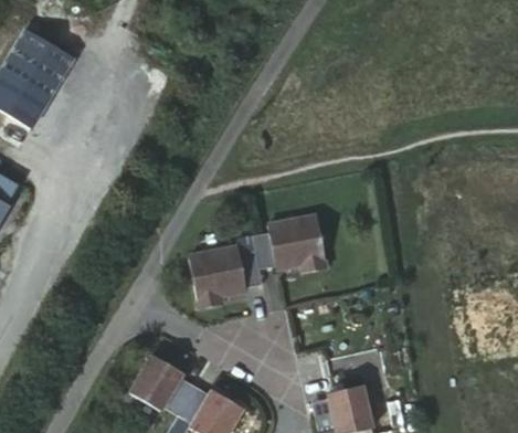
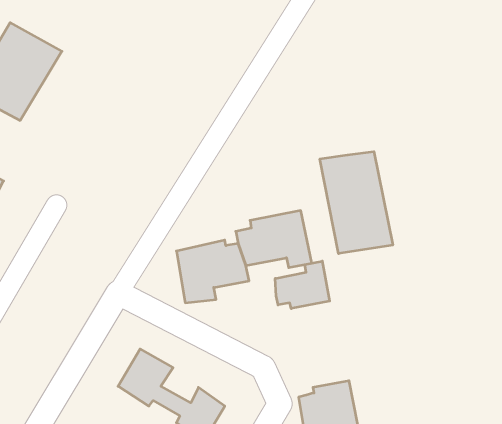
building: none -> [320,152,393,254]
building: none -> [275,261,330,309]

